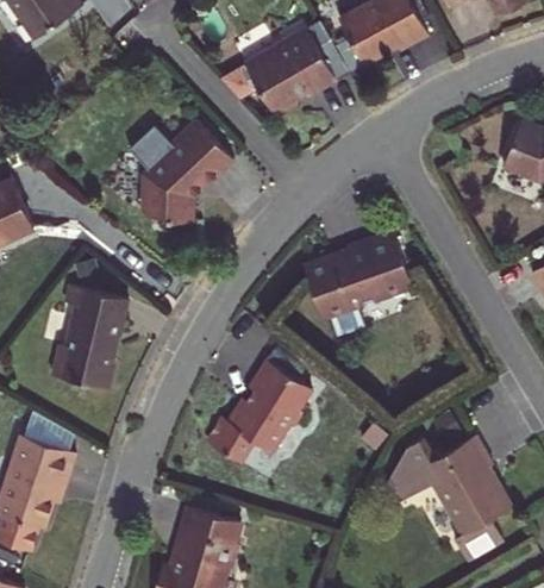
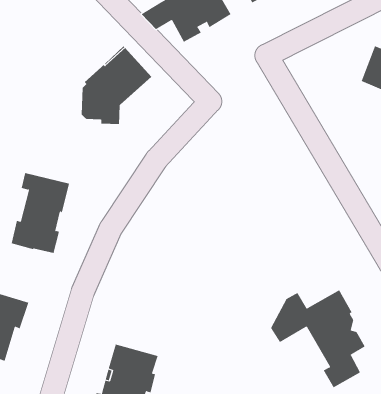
building: [305,232,413,318] -> none
building: [207,358,312,462] -> none

